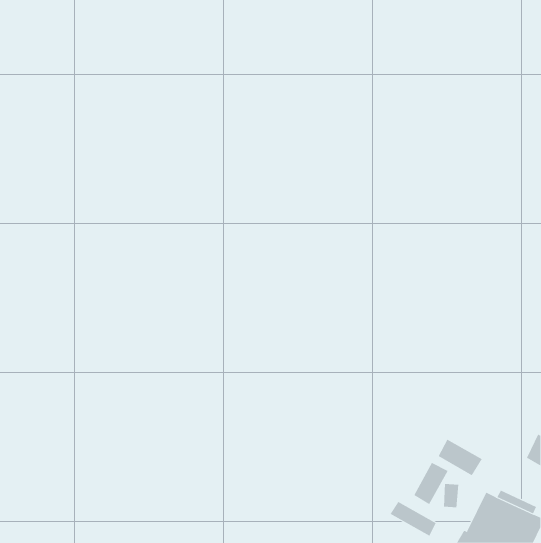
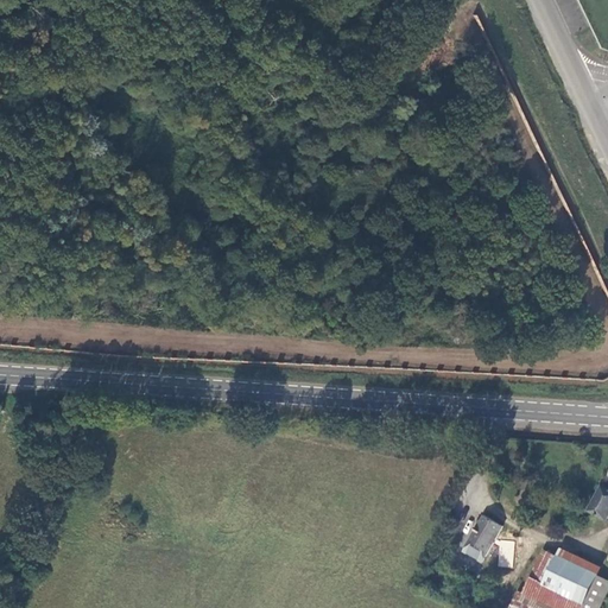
building: [438,439,483,476] -> none
building: [390,501,436,536] -> none

